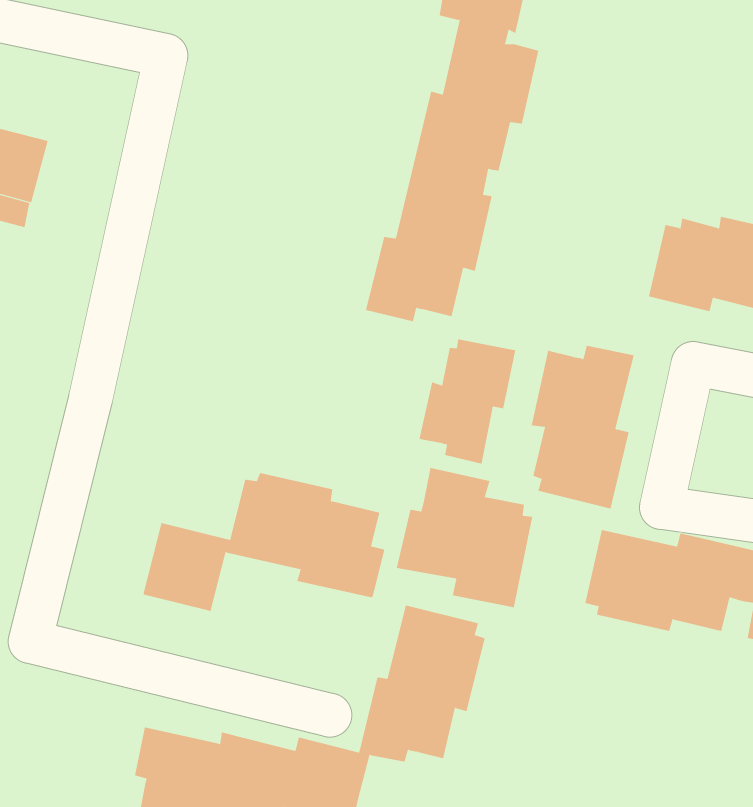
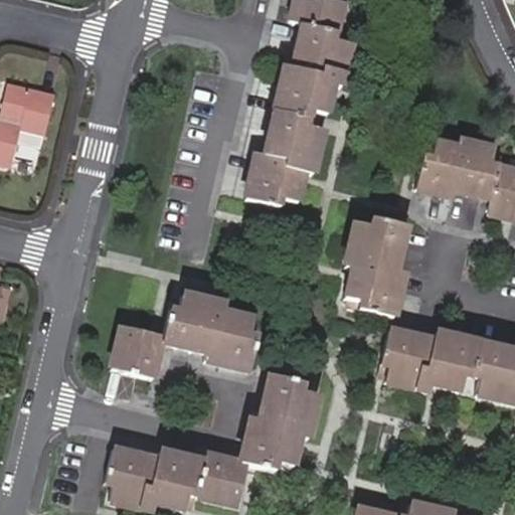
building: [419,338,516,464] -> none
building: [396,467,533,608] -> none

